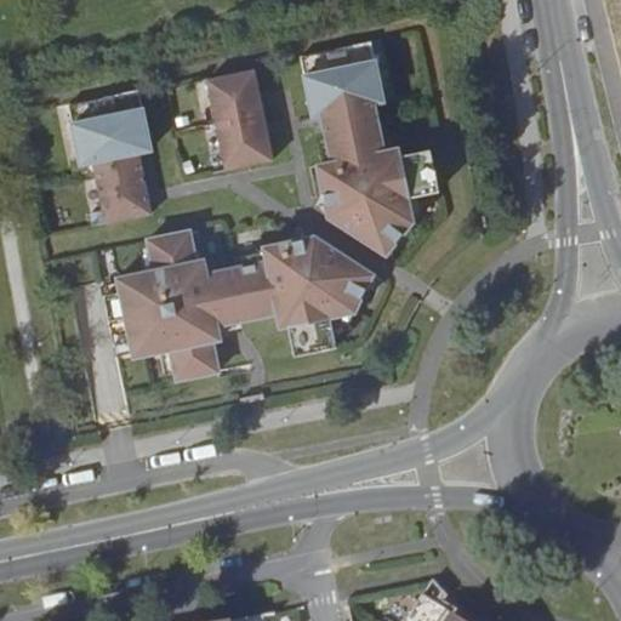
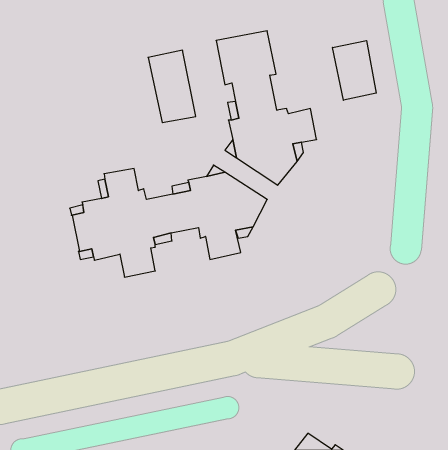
building: none -> [333,41,376,100]
building: [68,90,152,224] -> none

